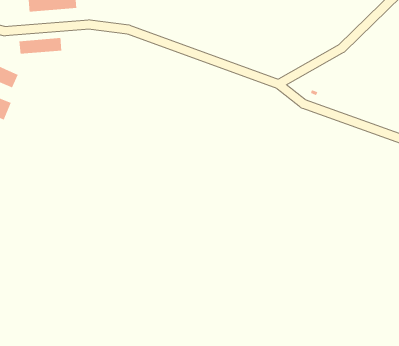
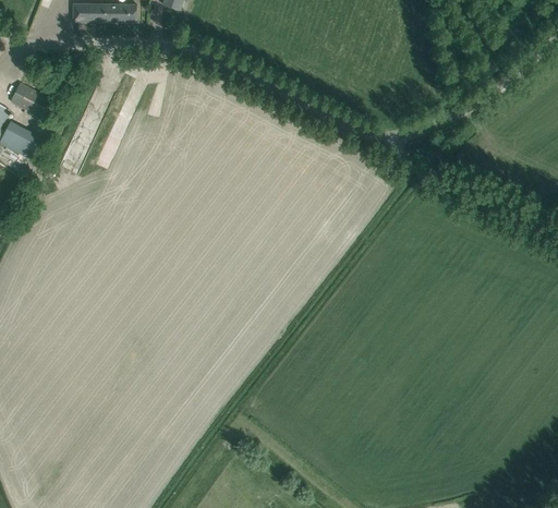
building: [19,37,62,54] -> none

